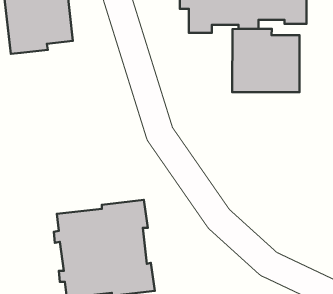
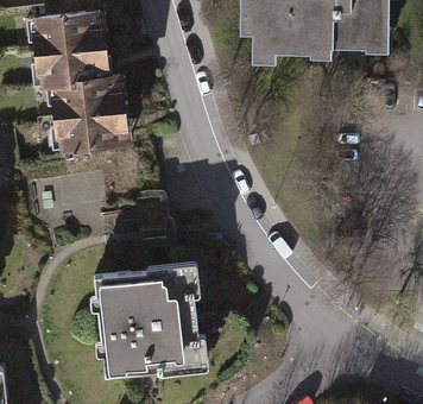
building: [232,29,300,92] -> none
building: none -> [50,71,131,152]

